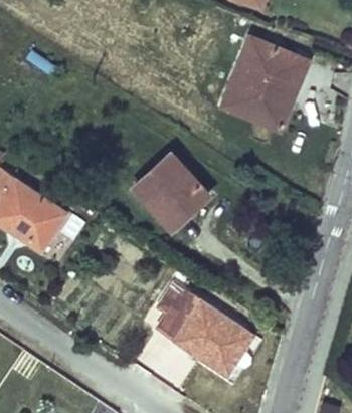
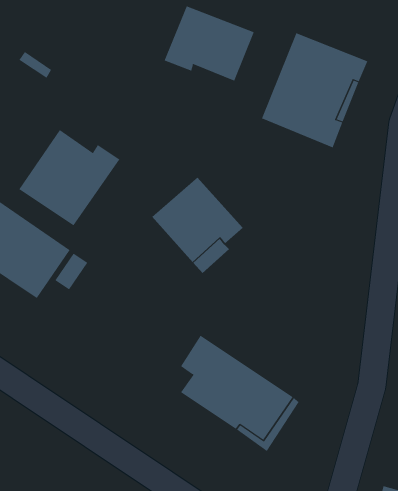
building: none -> [164,6,254,82]
building: none -> [18,129,120,226]

